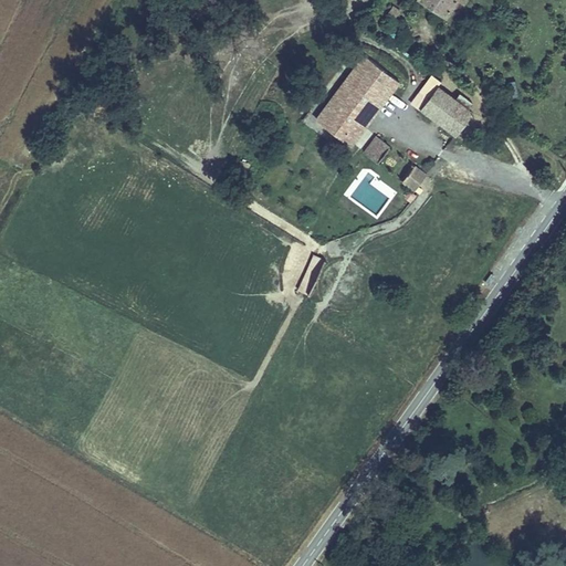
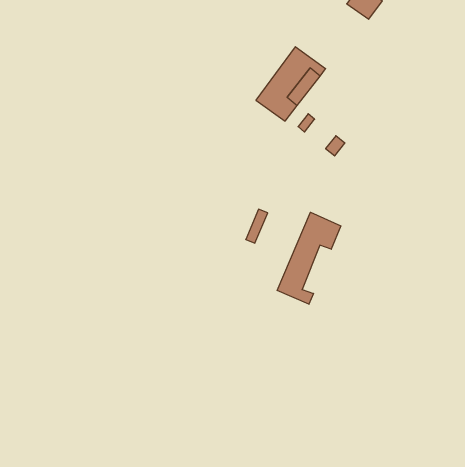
building: [420,84,472,132] -> none
building: none -> [277,212,341,304]

